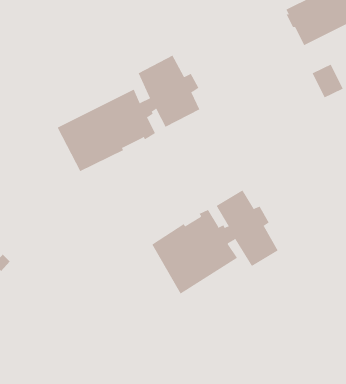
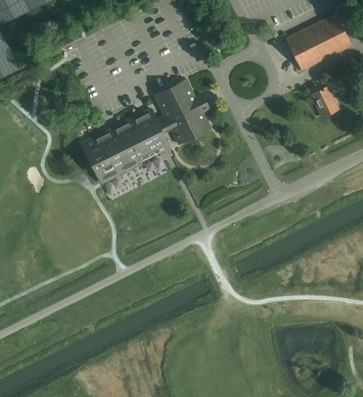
building: [151,190,278,294] -> none

